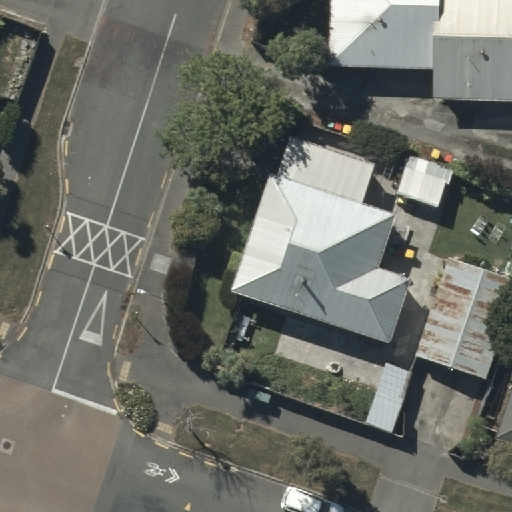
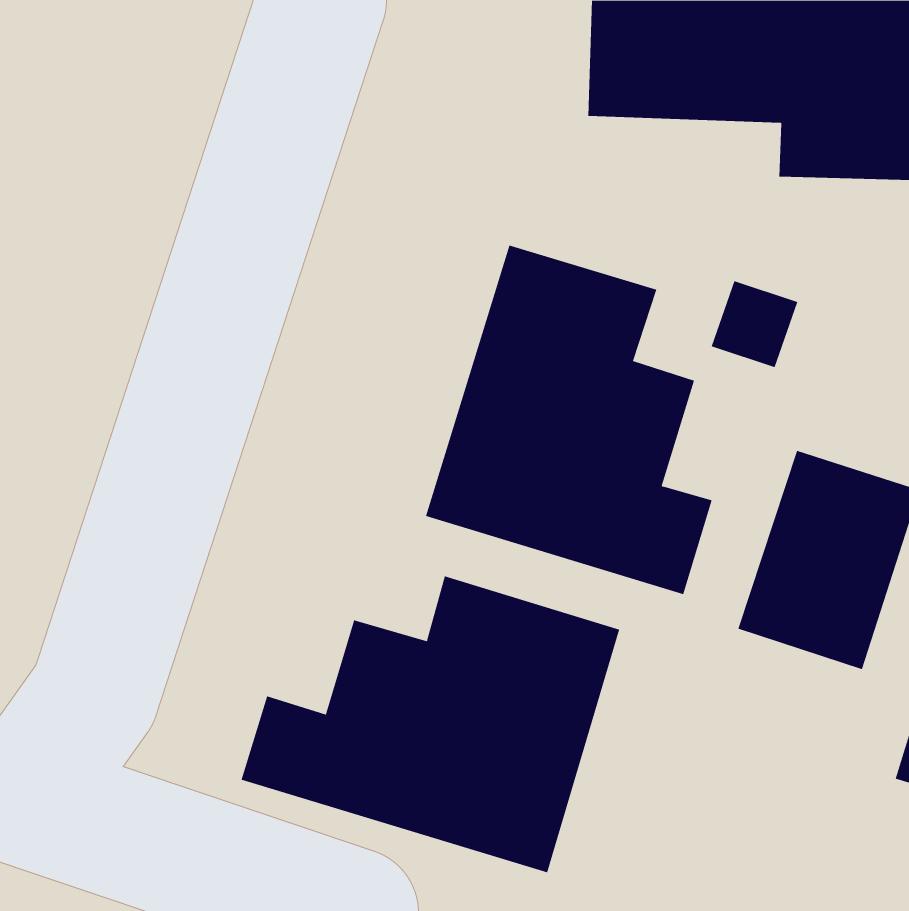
building: none -> [241,575,620,873]

